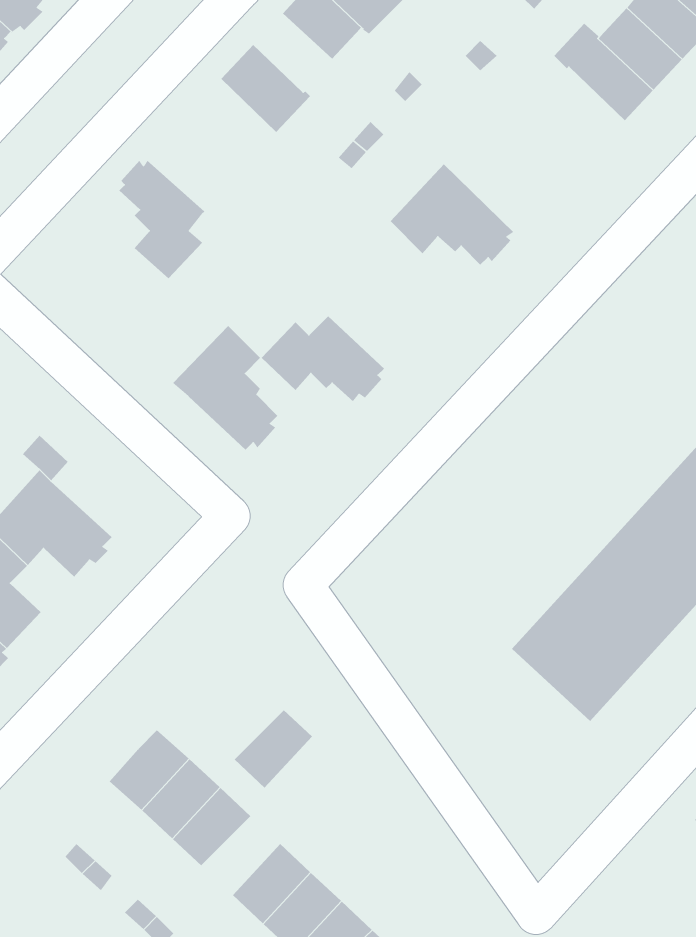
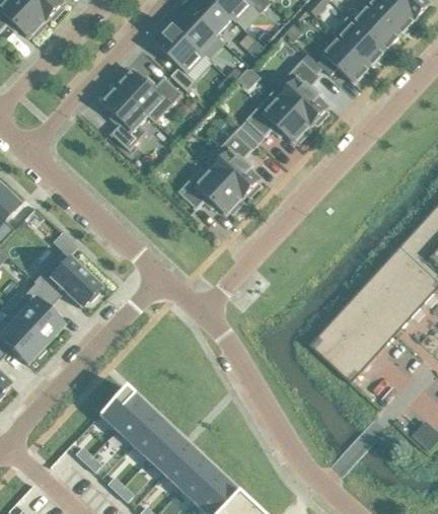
building: none -> [175,9,217,51]
building: none -> [326,38,371,82]
building: none -> [276,59,331,125]
building: none -> [120,70,184,122]
building: [172,325,278,450] -> [207,131,263,197]
building: [234,709,313,788] -> [148,432,190,473]

